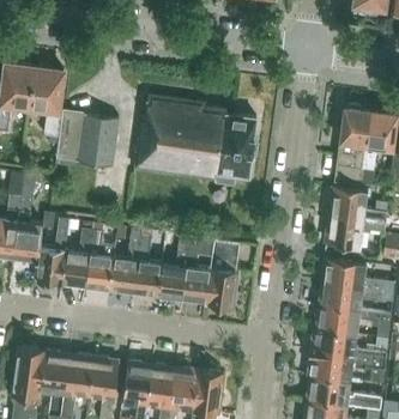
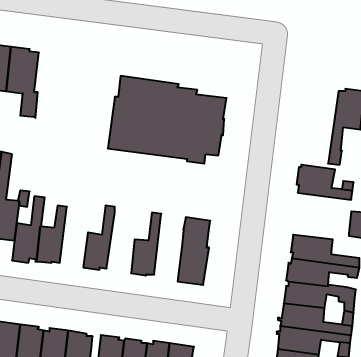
building: [334,104,371,184] -> none
building: [56,110,119,166] -> none
building: [324,214,385,257] -> none
building: [85,229,114,291] -> none
building: [133,235,162,297] -> none
building: [182,236,214,305] -> none

